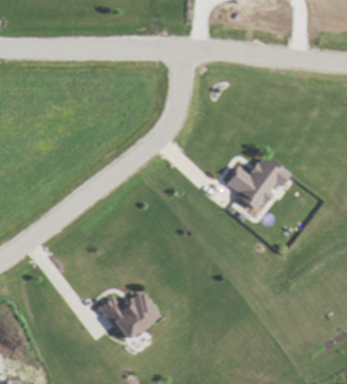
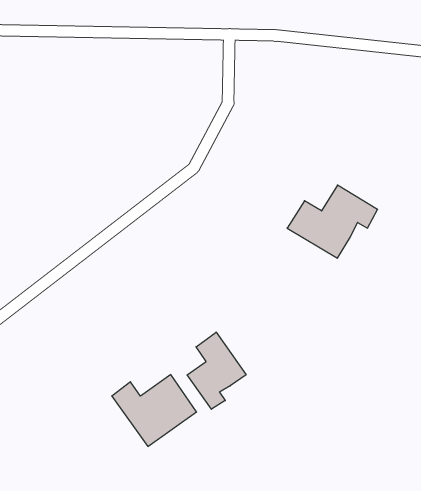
building: none -> [187,332,246,409]

